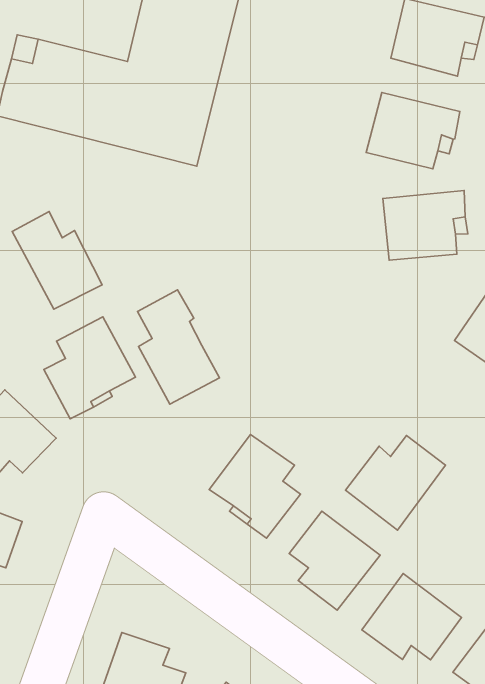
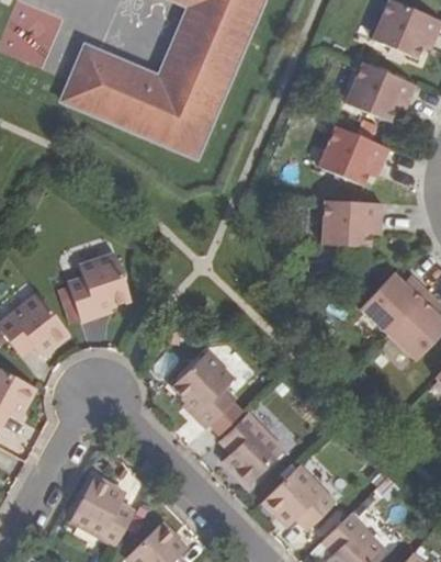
building: [12,211,102,309] -> none
building: [137,290,220,404] -> none
building: [345,435,446,530] -> none

